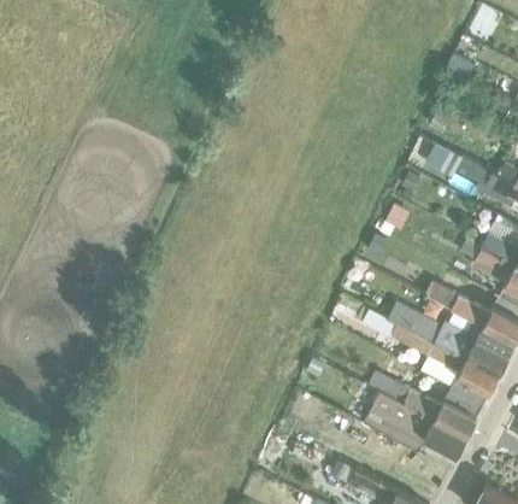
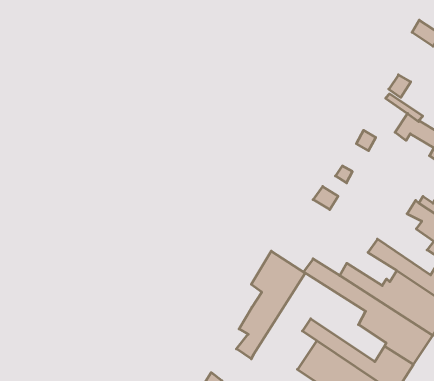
building: none -> [236,251,305,359]

